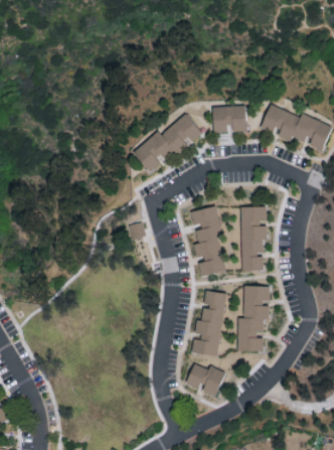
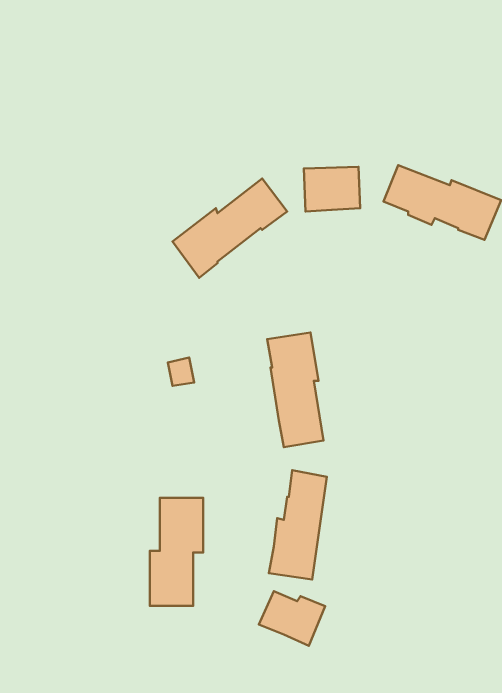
building: [239,206,267,271] -> none
building: [237,286,270,351] -> [150,498,203,606]

